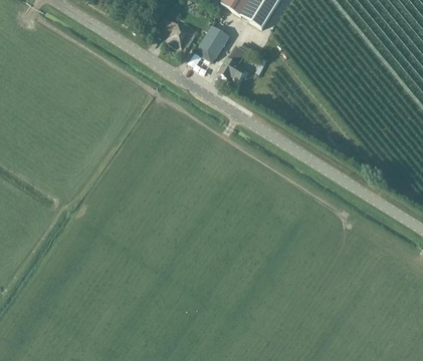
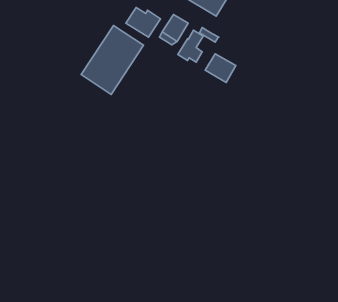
building: none -> [81,26,143,95]
building: none -> [205,54,236,83]

